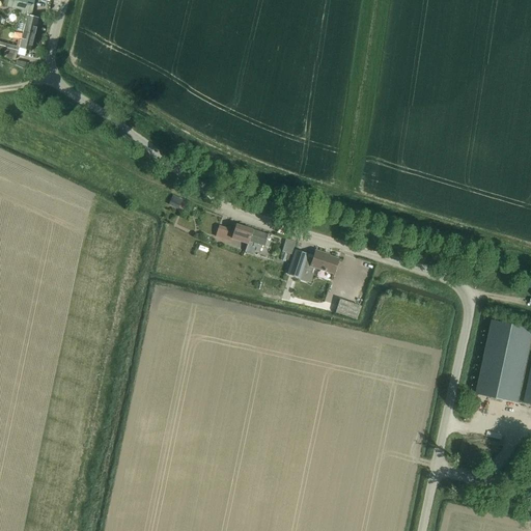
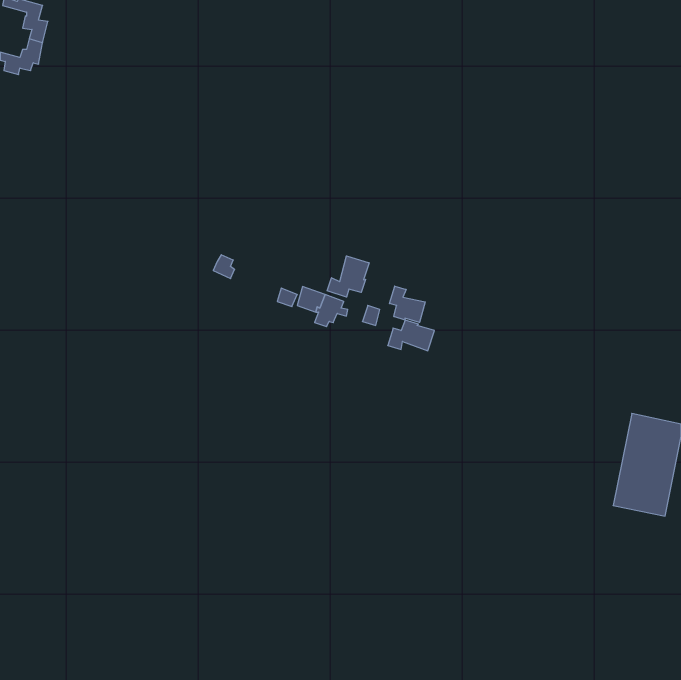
building: none -> [327,256,369,297]
building: none -> [390,286,425,322]

